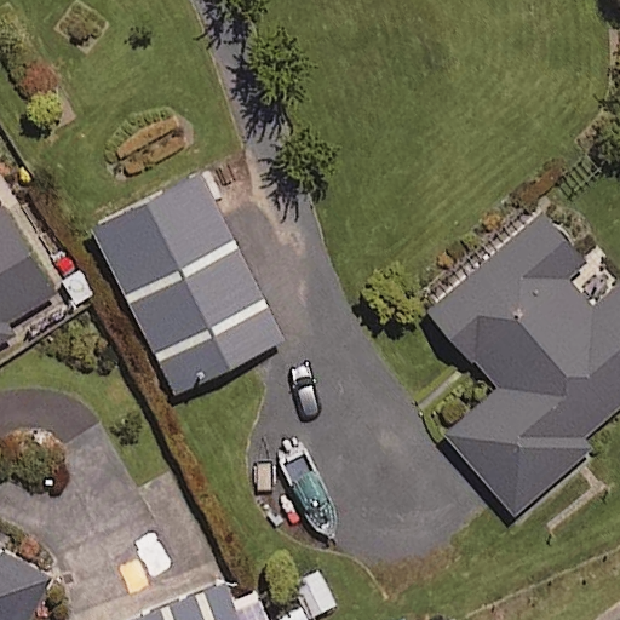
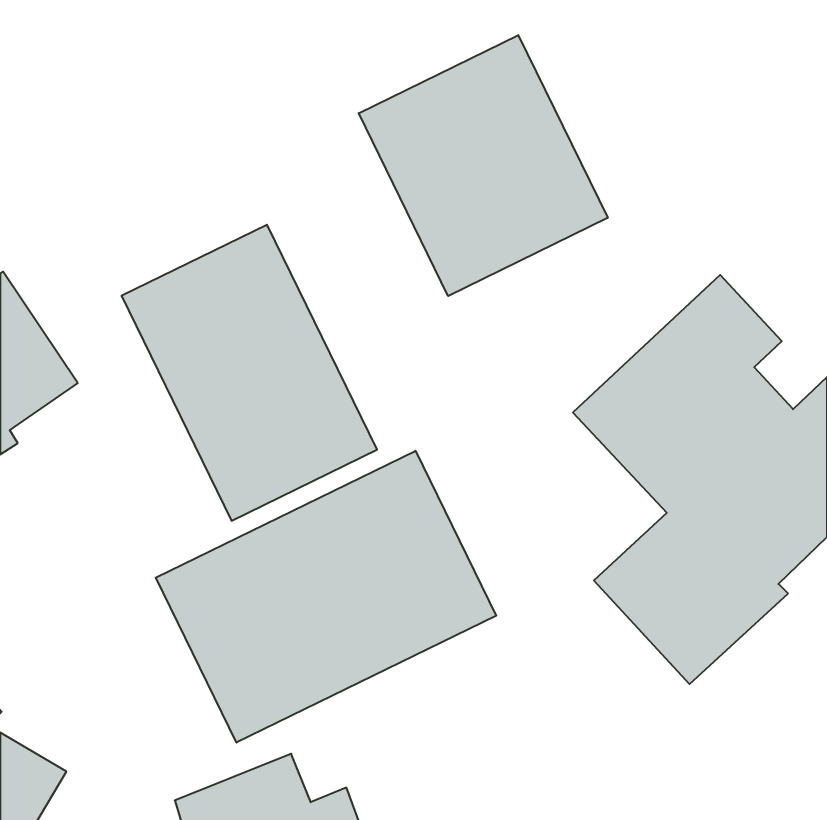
building: none -> [359,35,608,296]
building: none -> [156,451,496,743]

